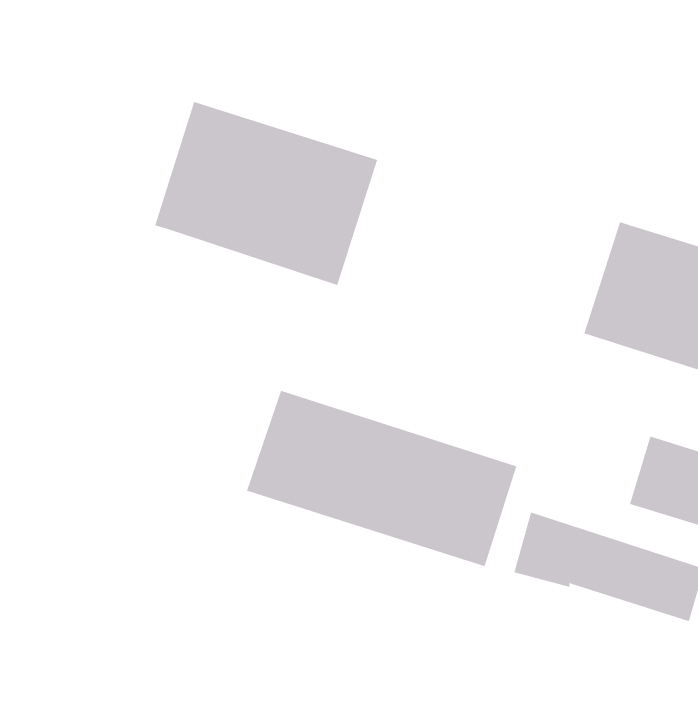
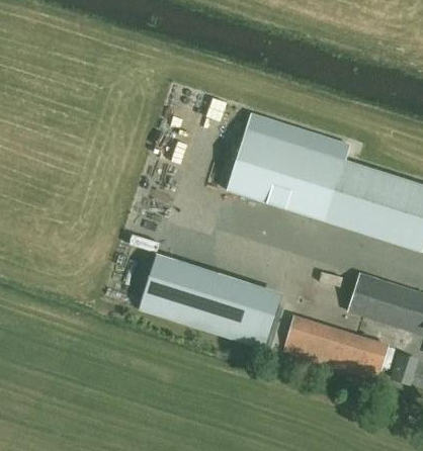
building: [155,101,378,286] -> none
building: none -> [227,113,352,220]

